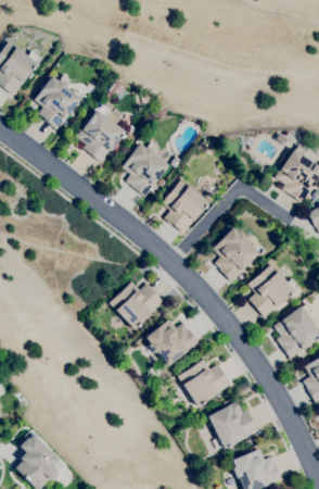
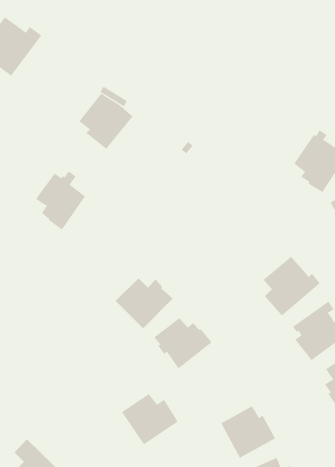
building: [35,73,82,127] -> none
building: [122,141,168,197] -> [35,171,86,231]
building: [163,179,209,234] -> none
building: [212,227,260,281] -> none
building: [178,359,231,406] -> [121,393,179,445]

